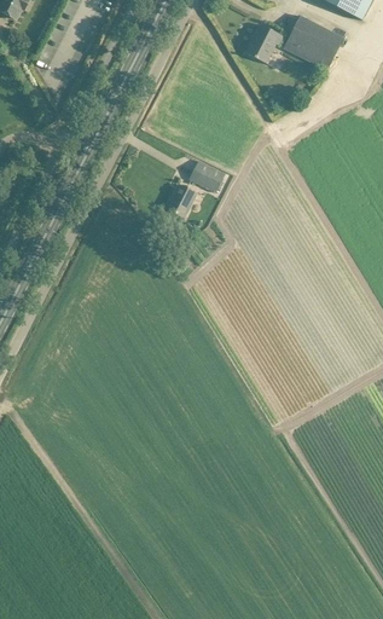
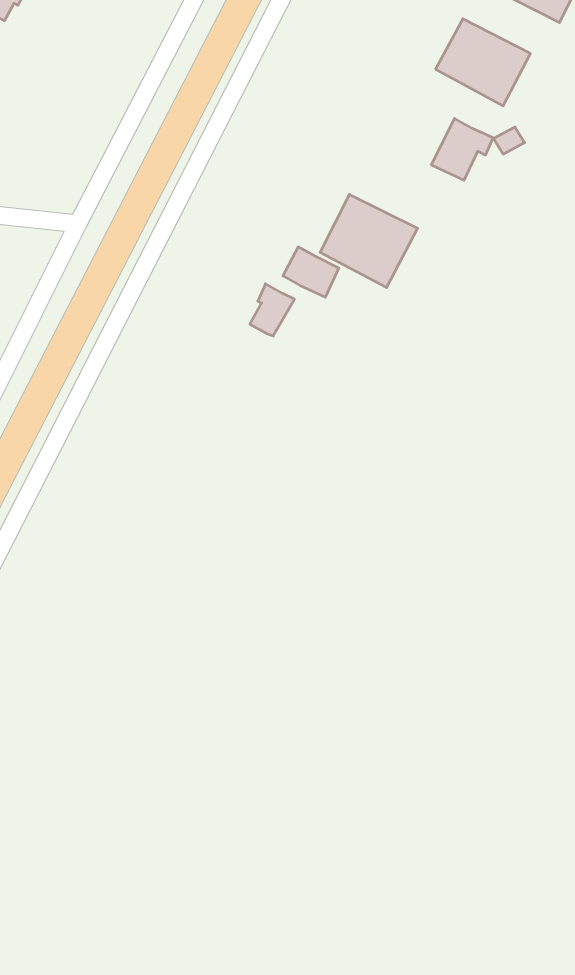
building: [245,23,284,62] -> [431,118,493,180]
building: none -> [320,194,418,288]

